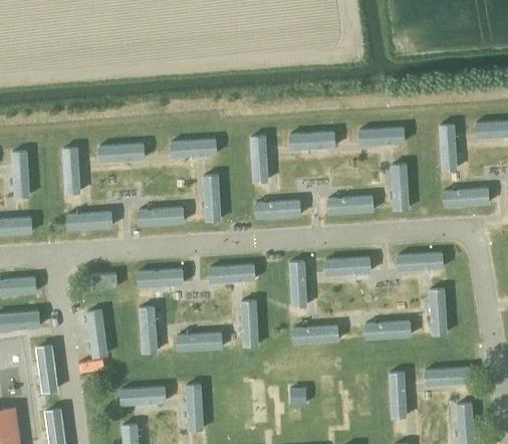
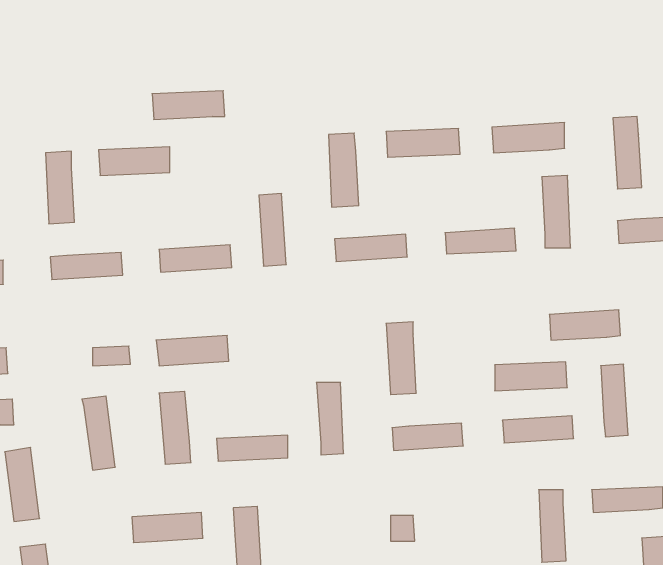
building: [169,139,217,158] -> [152,91,225,119]
building: [323,256,371,275] -> [495,362,567,391]
building: [208,263,256,283] -> none

